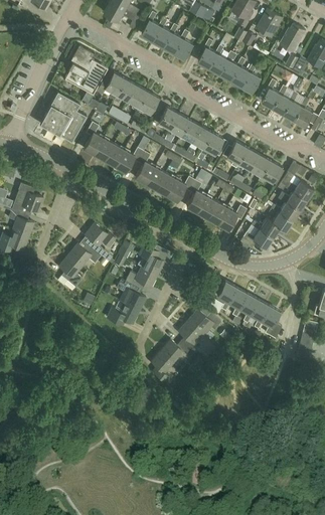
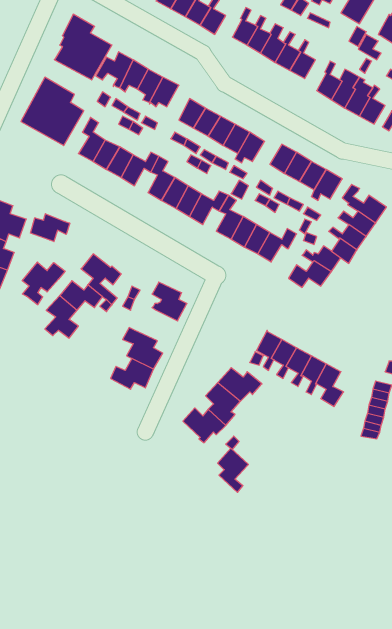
building: none -> [30,214,70,242]
building: none -> [22,262,65,305]
building: [125,267,157,290] -> none
building: [151,350,174,383] -> [218,448,248,492]

